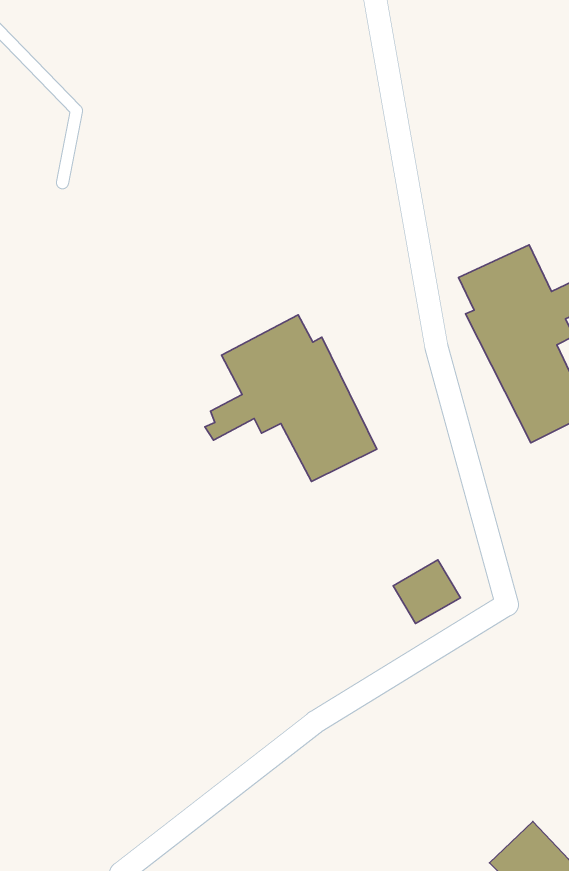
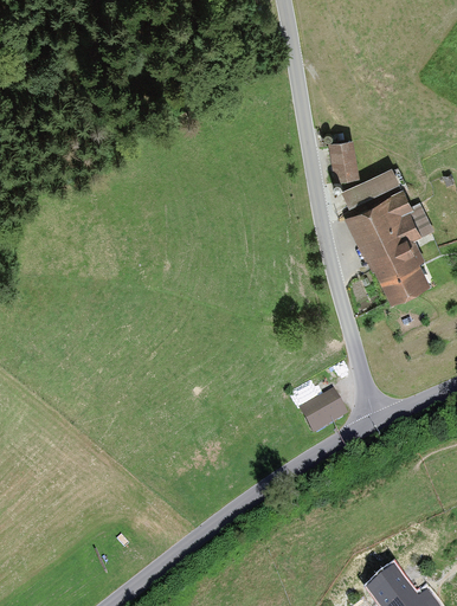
building: none -> [328,141,358,181]
building: [205,315,377,482] -> none

